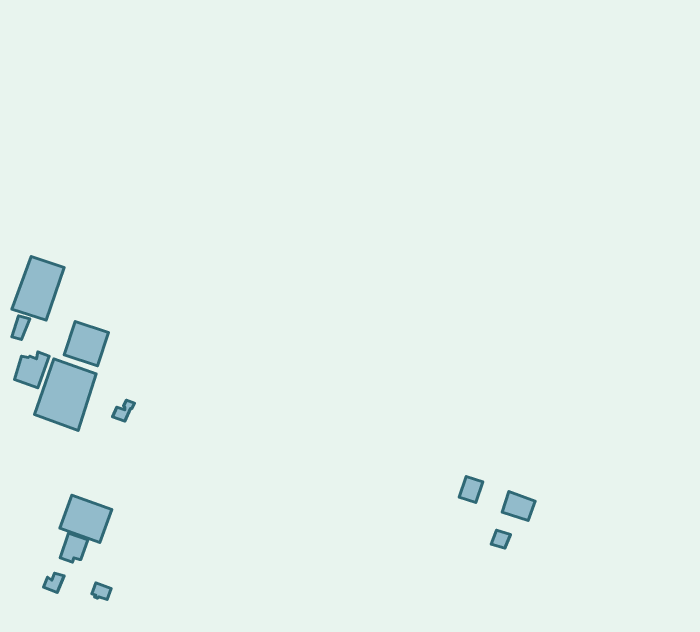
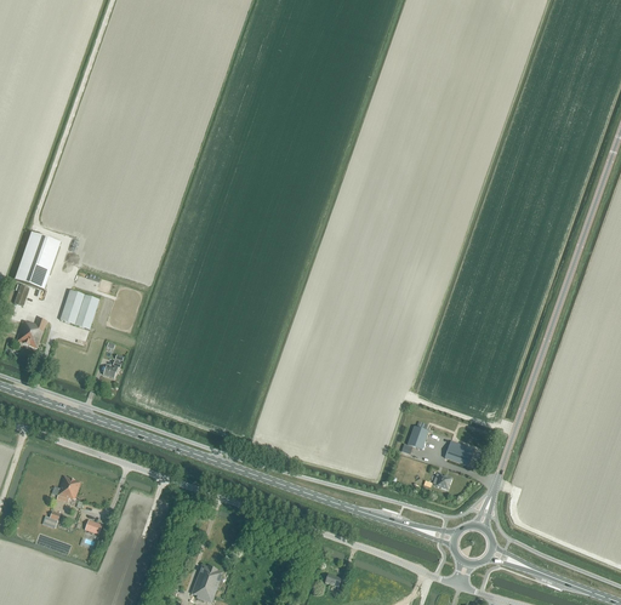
building: [35,359,96,431] -> none
building: [60,495,112,542] -> none

